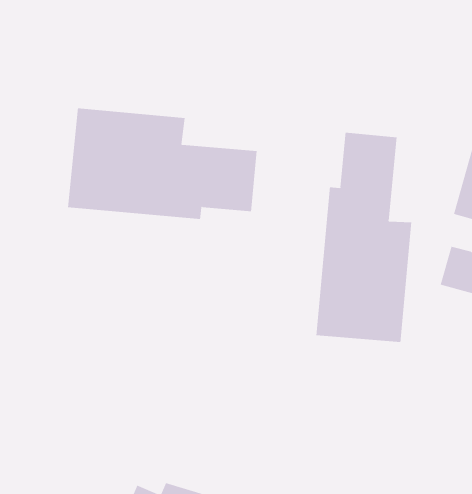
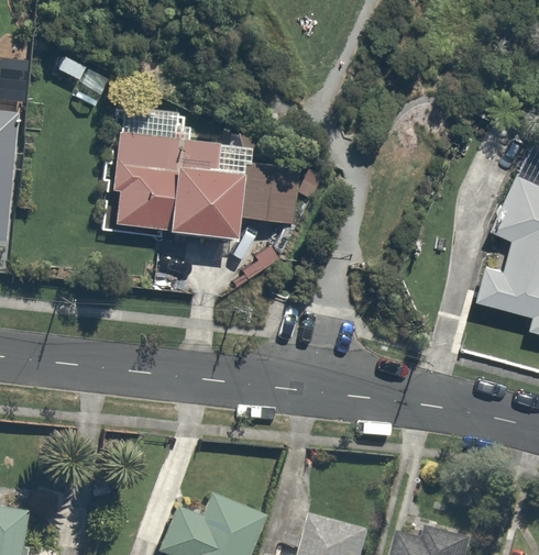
building: [316,132,412,343] -> none

